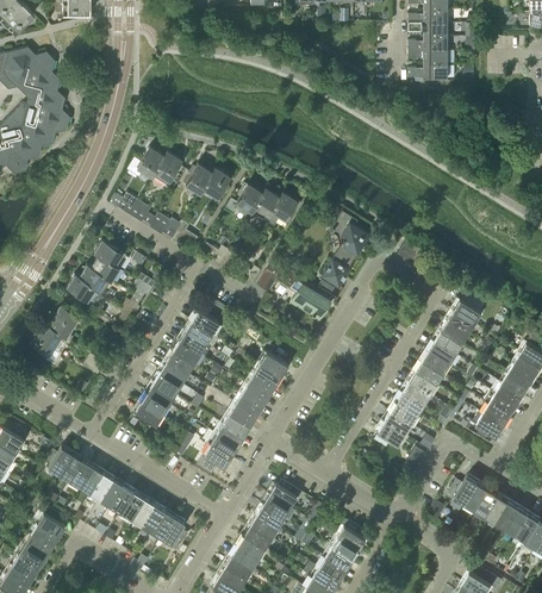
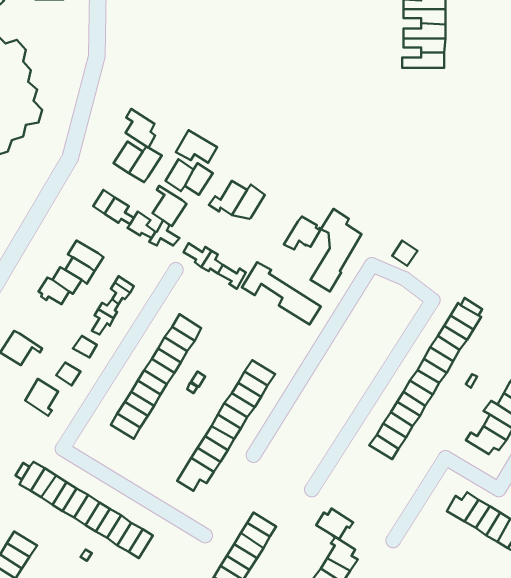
building: none -> [125,109,155,148]
building: none -> [176,130,217,163]
building: none -> [152,186,186,226]
building: [266,193,300,224] -> [284,216,321,249]
building: [49,307,80,342] -> [25,379,58,416]
building: [268,480,303,508] -> [316,509,353,539]
building: [161,517,188,551] -> none

